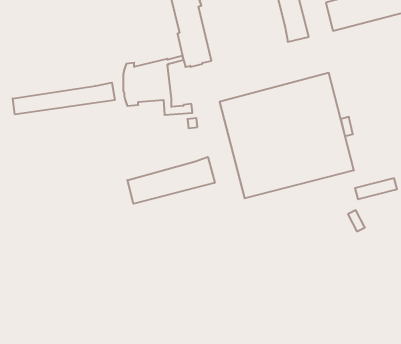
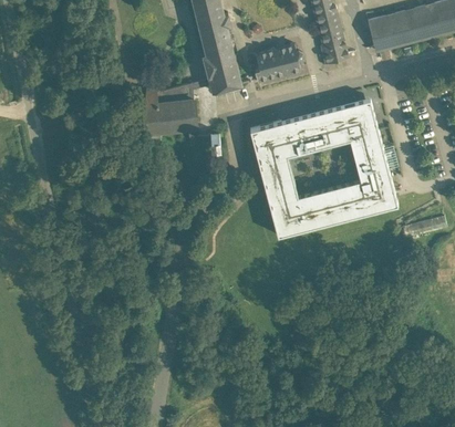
building: none -> [255,44,303,80]
building: [13,83,115,114] -> none
building: [127,157,215,204] -> none

